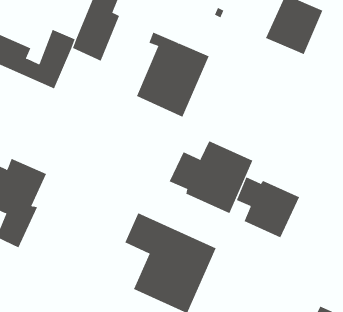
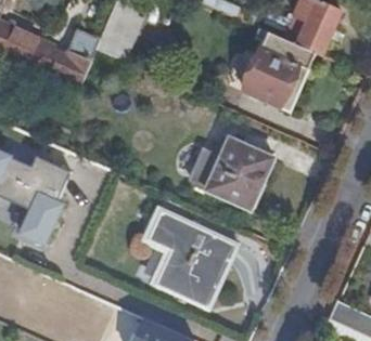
building: [136,32,210,117] -> [243,27,315,110]
building: [236,176,300,238] -> none

